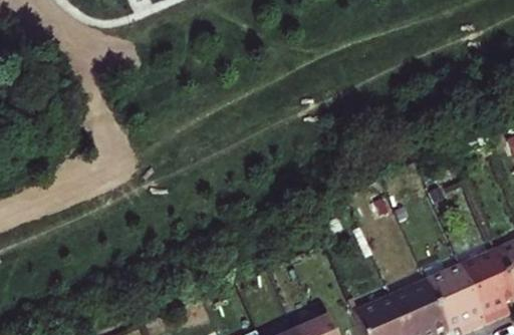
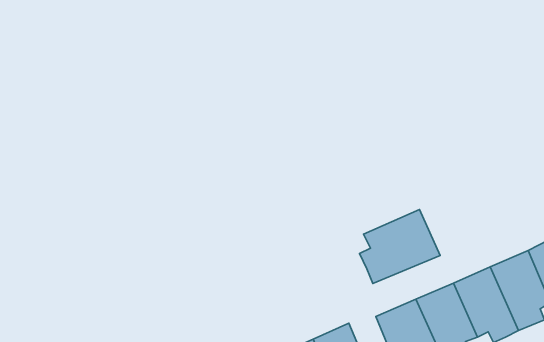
building: none -> [360,210,440,284]

